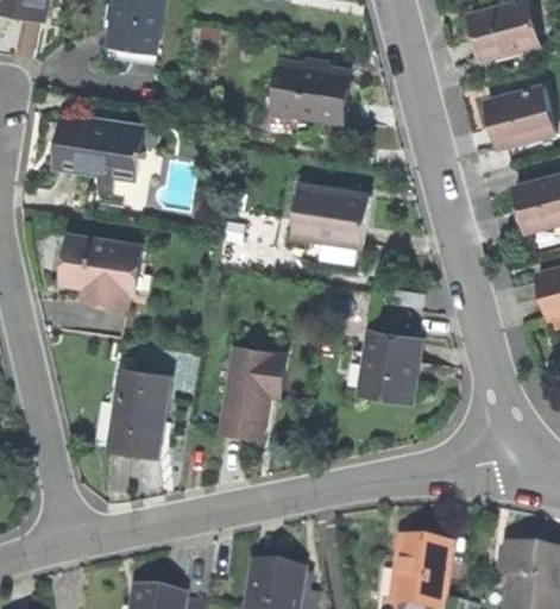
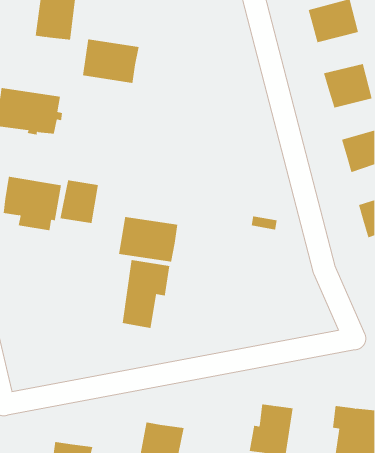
building: [272,62,348,121] -> [82,39,139,83]
building: [292,184,372,245] -> [118,216,178,262]
building: none -> [60,179,98,224]
building: [346,332,421,401] -> none
building: [94,363,171,457] -> none

